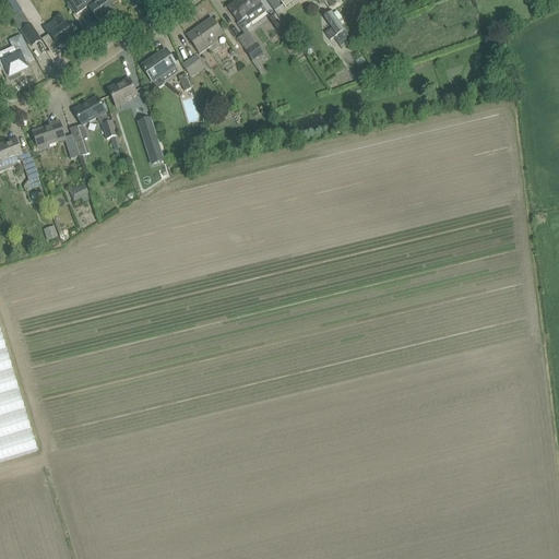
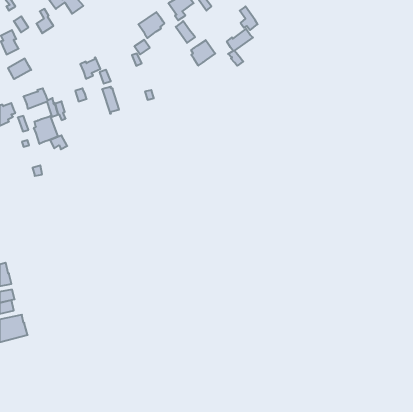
building: none -> [227,29,253,66]
building: [141,47,176,87] -> none
building: none -> [191,40,215,66]
building: [73,95,105,122] -> [8,59,31,79]
building: none -> [34,116,58,144]

